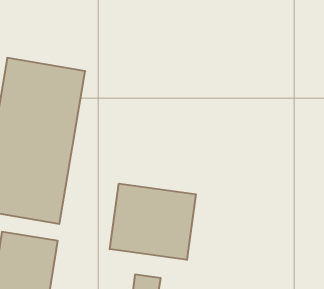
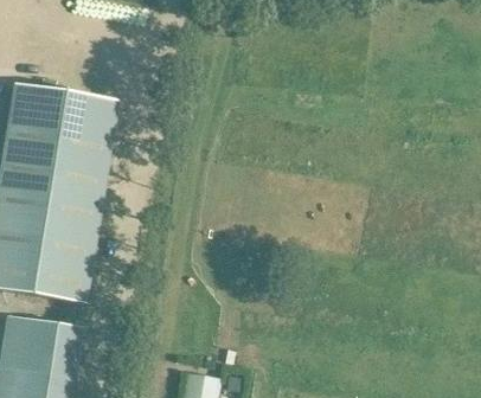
building: [110,184,196,260] -> none

